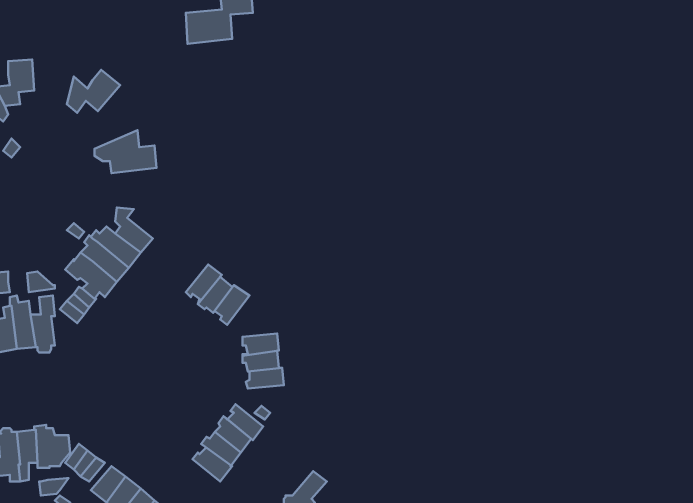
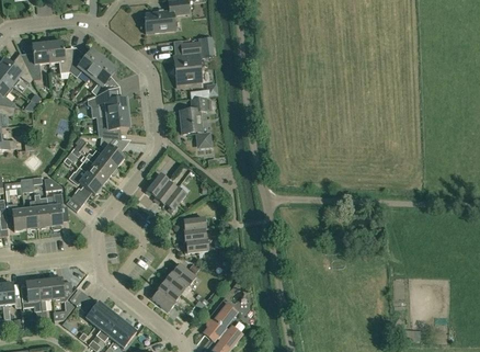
building: none -> [174,37,214,83]
building: none -> [48,41,75,72]
building: none -> [90,59,116,95]
building: none -> [180,99,212,147]
building: none -> [96,112,129,138]

